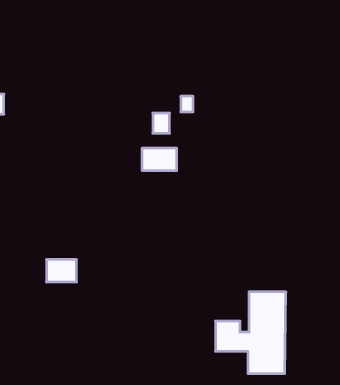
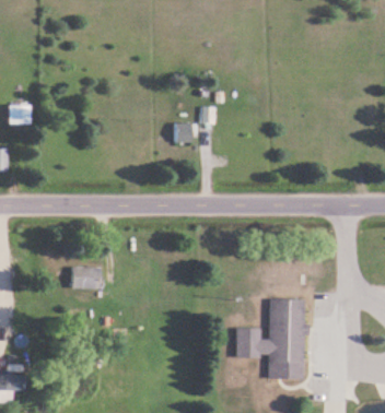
building: [142,148,177,171] -> none

